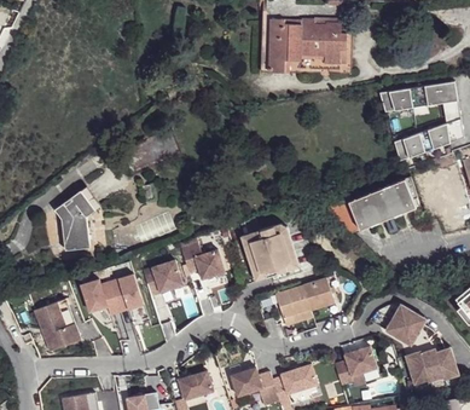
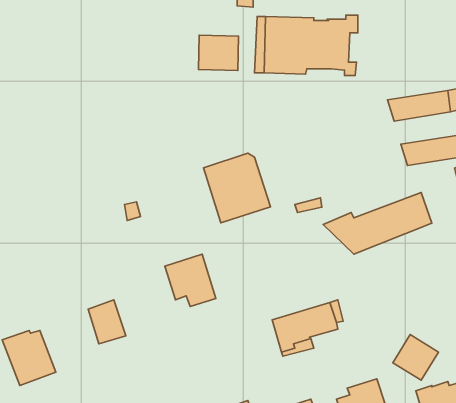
building: none -> [198,35,239,71]
building: [56,189,99,252] -> none
building: [240,224,301,287] -> [203,153,271,223]
building: [141,260,182,298] -> none
building: [81,282,120,318] -> none

